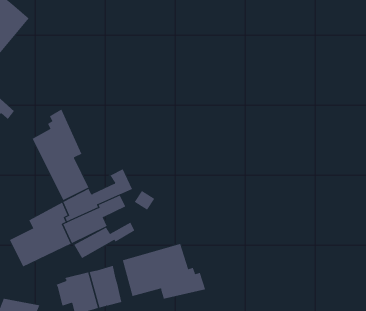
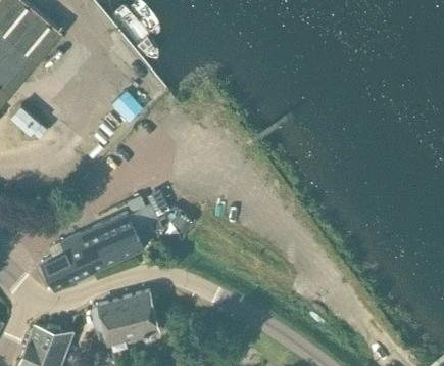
building: [32,109,89,201] -> none
building: [73,222,135,259] -> none
building: [122,243,206,300] -> none

